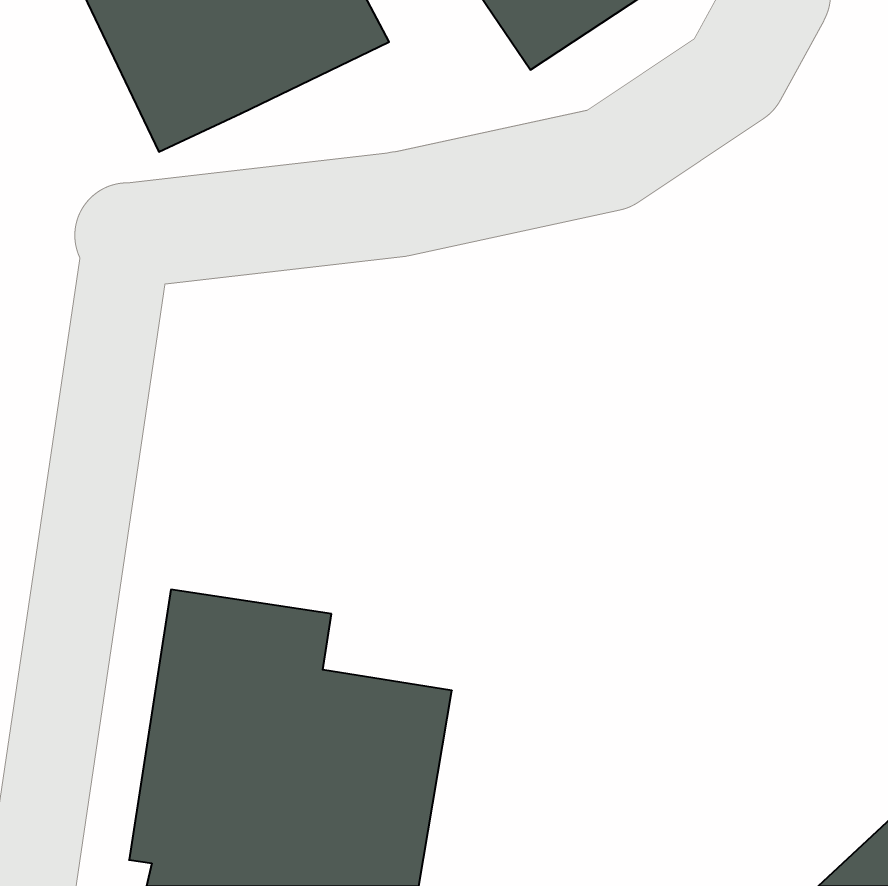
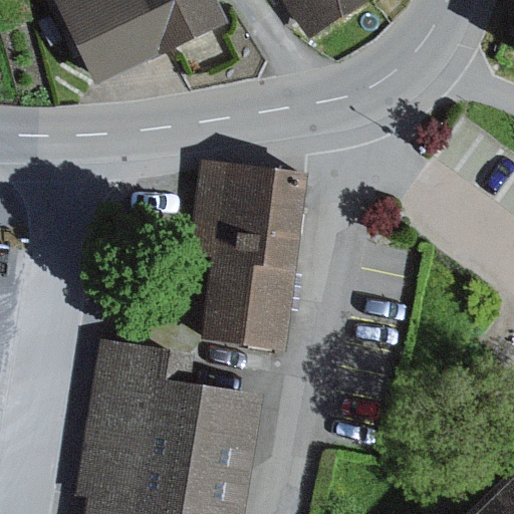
building: none -> [189,161,307,349]

